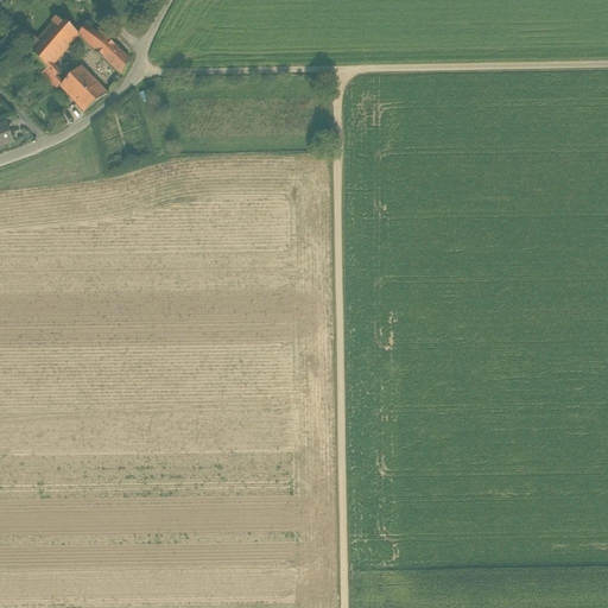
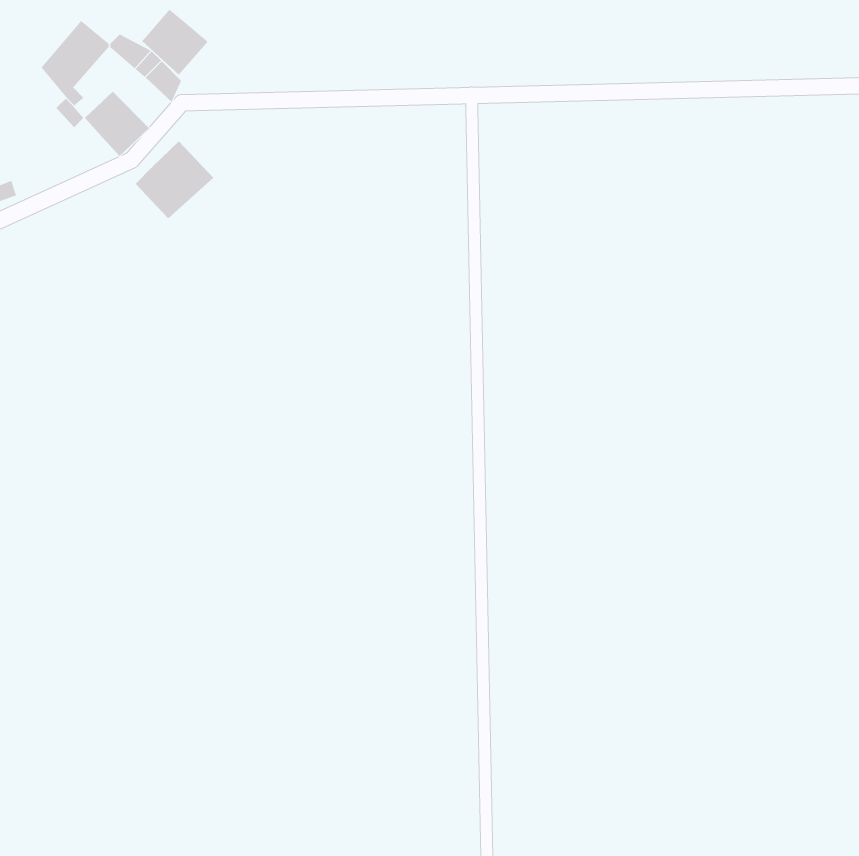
building: none -> [141,9,208,76]
building: none -> [135,141,214,219]

